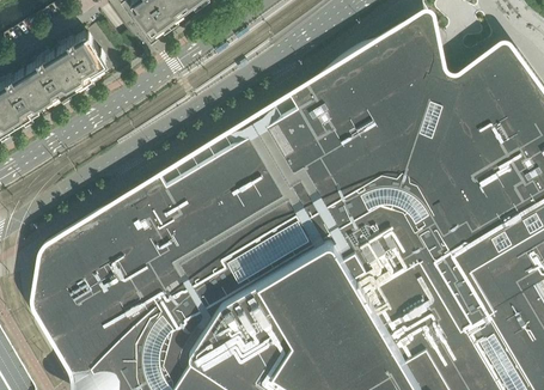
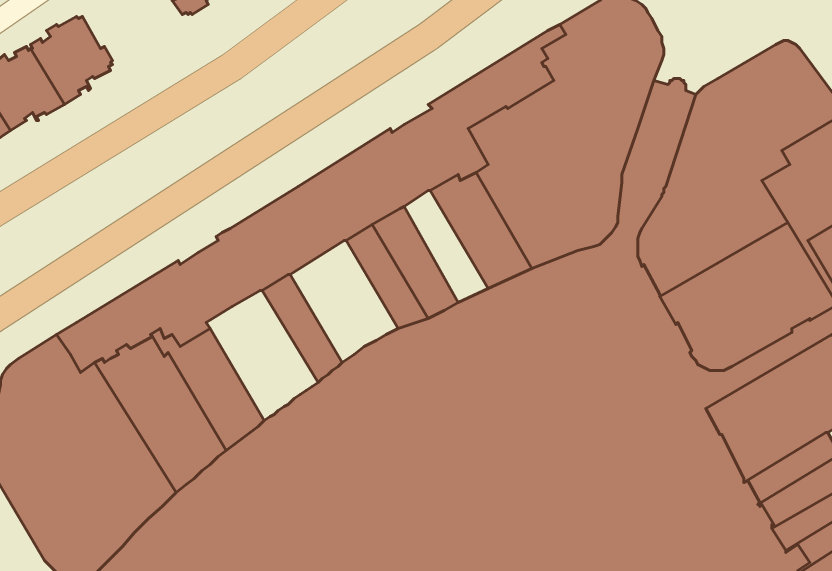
building: [281,139,331,206] -> none
building: [213,169,277,242] -> none
building: [163,199,230,276] -> none

